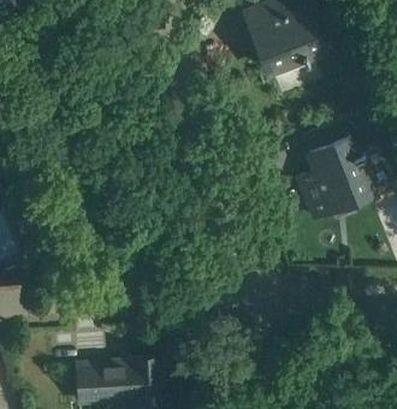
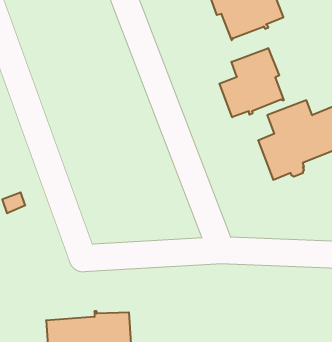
building: none -> [219,48,284,117]

